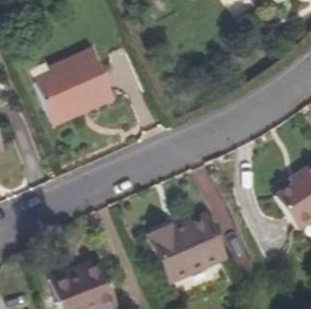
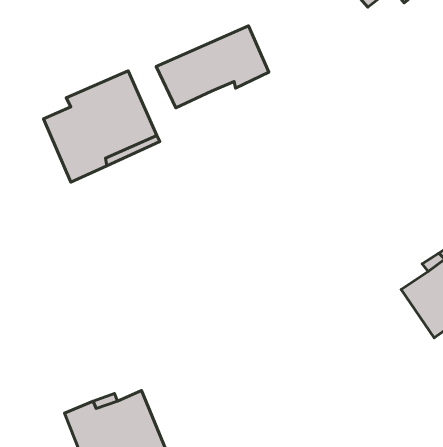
building: none -> [156,26,269,108]
building: [150,217,224,281] -> none

